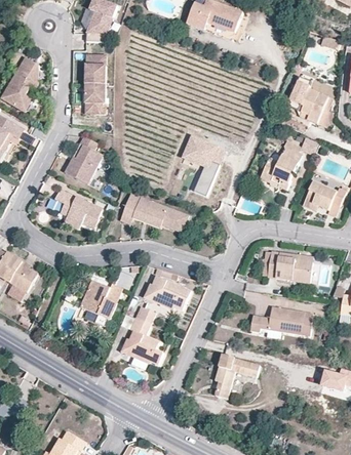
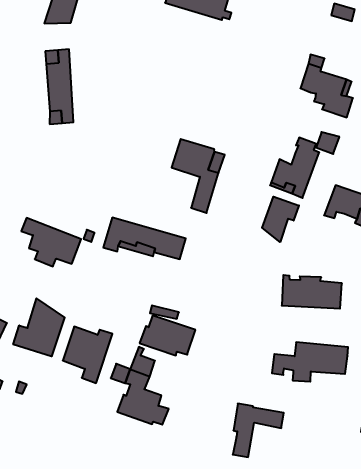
building: [64,135,102,182] -> none
building: none -> [262,197,299,242]
building: none -> [13,298,65,356]

